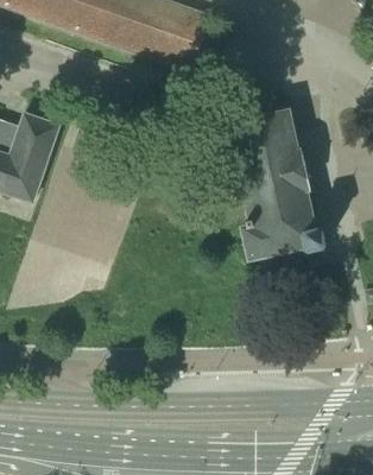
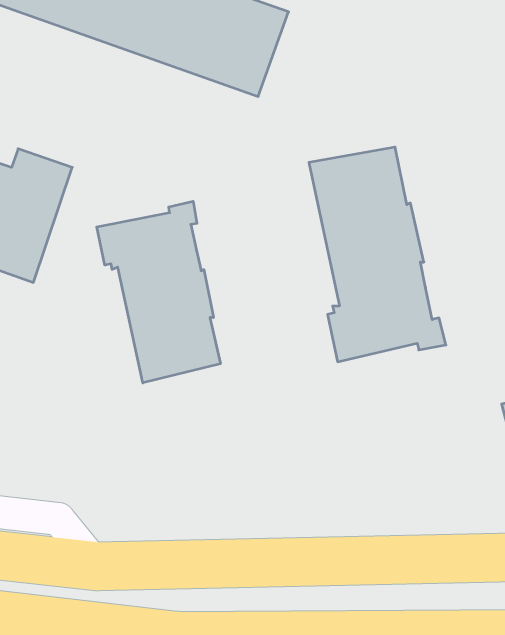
building: none -> [97,201,220,383]

